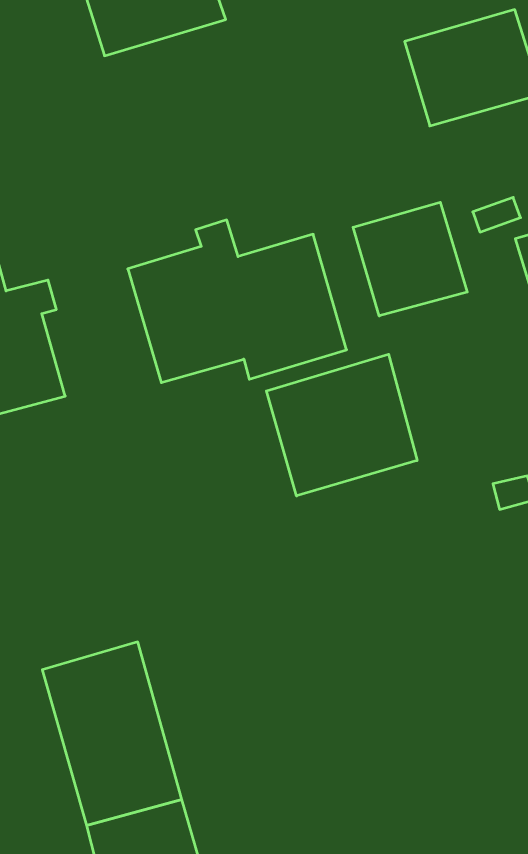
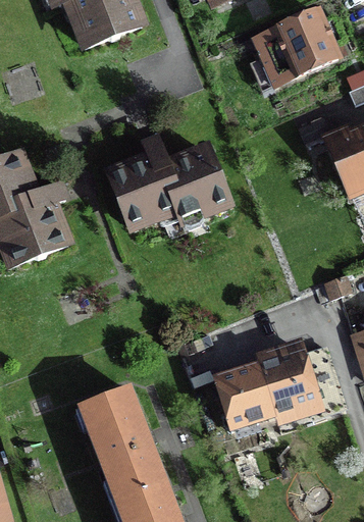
building: [353,202,467,316] -> none
building: [266,354,417,496] -> none
building: none -> [214,344,342,429]

